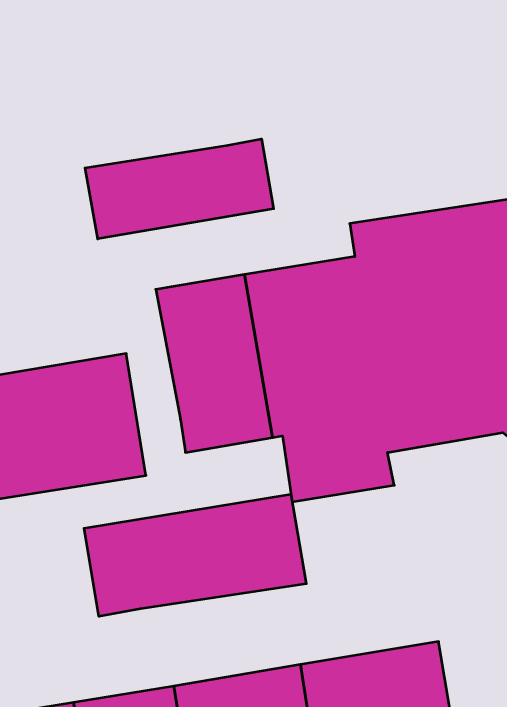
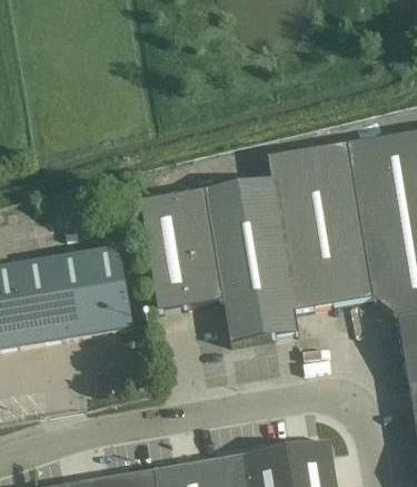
building: [85,139,274,239] -> none
building: [84,494,306,616] -> none

